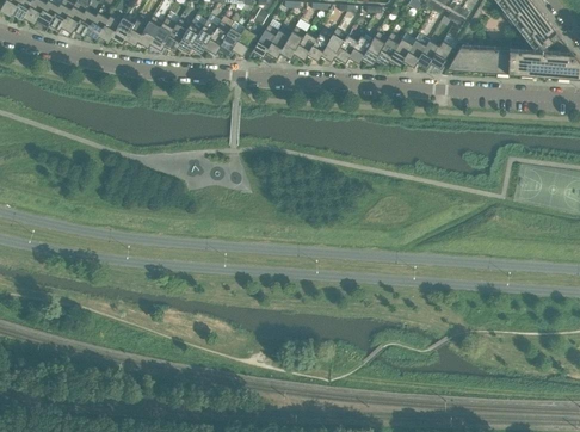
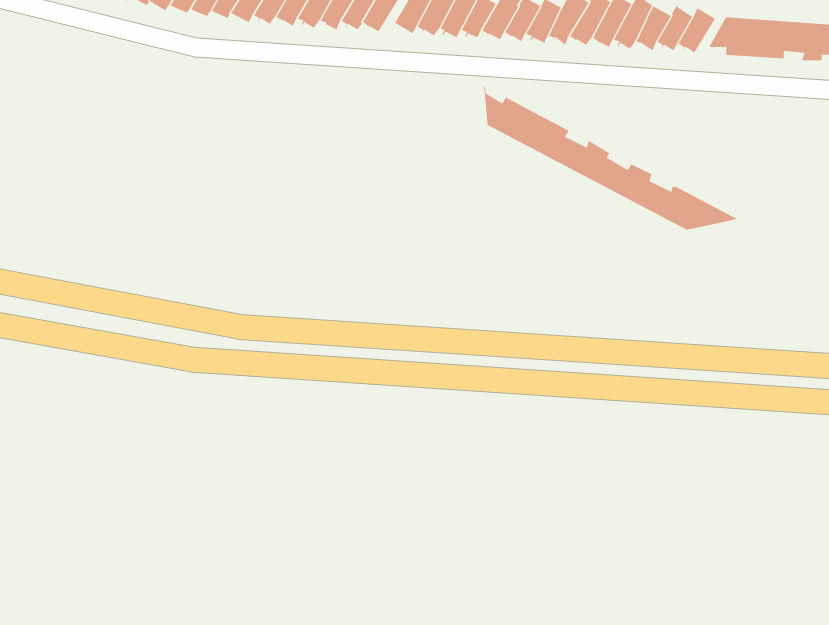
building: none -> [483,85,738,230]

